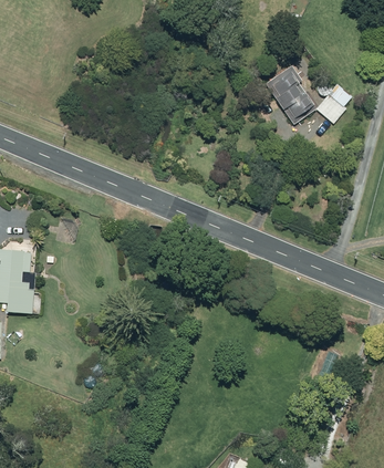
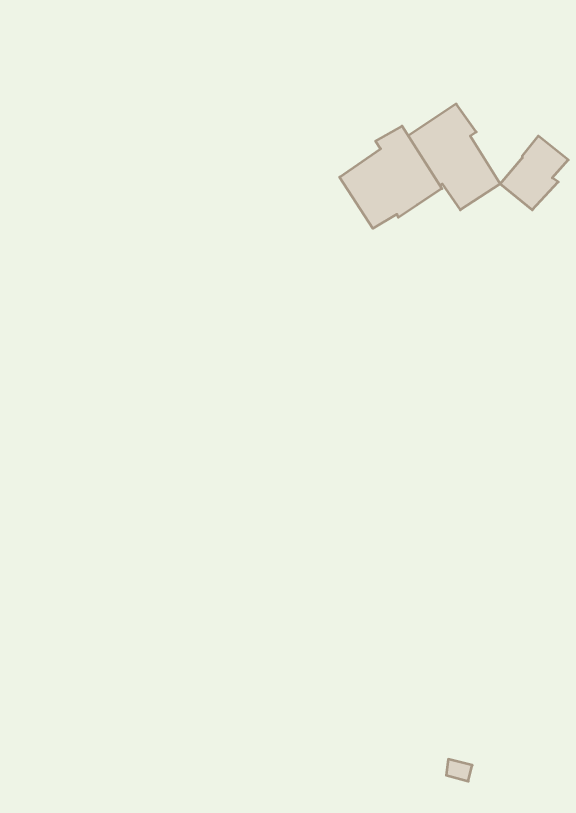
building: none -> [340,126,442,228]

